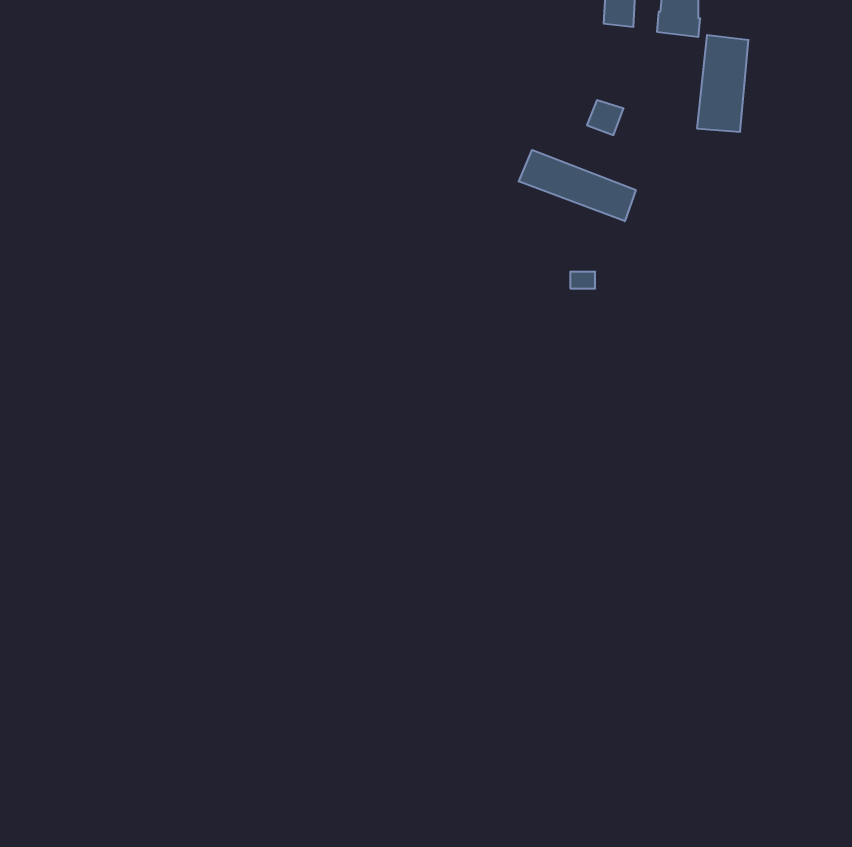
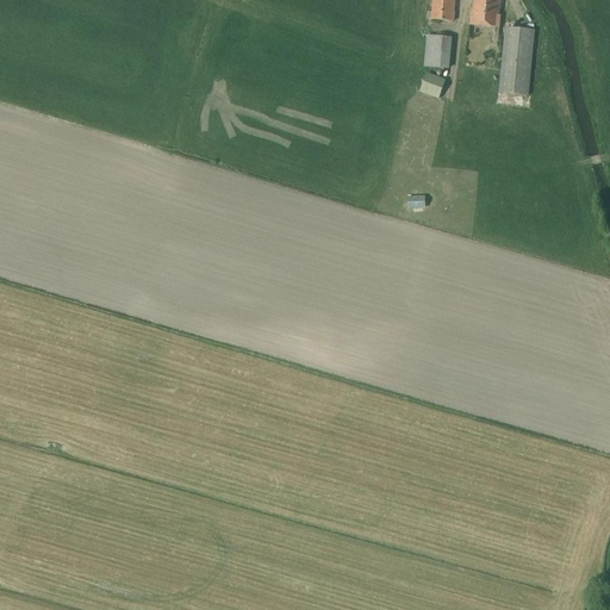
building: none -> [423,33,452,68]
building: [519,150,636,221] -> none

